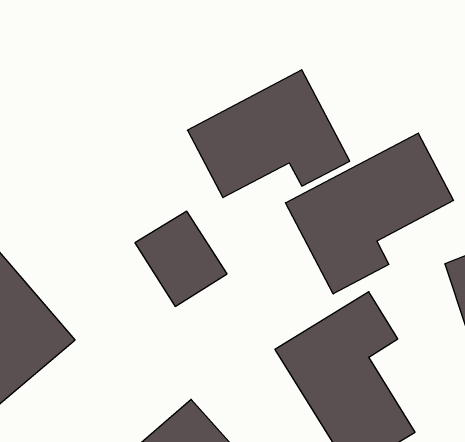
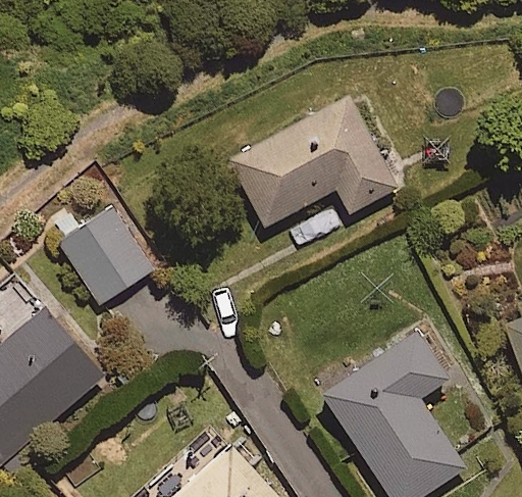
building: [285,133,453,294] -> none
building: [135,211,227,306] -> [56,203,154,304]

